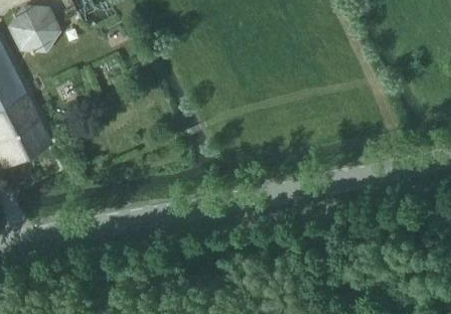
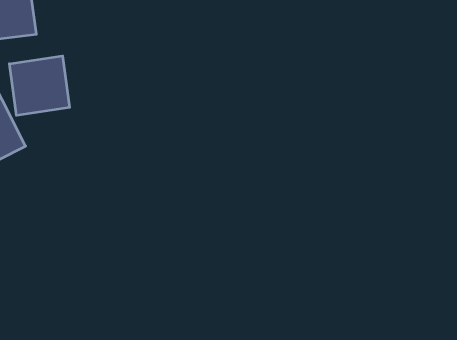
building: none -> [9,56,70,115]

